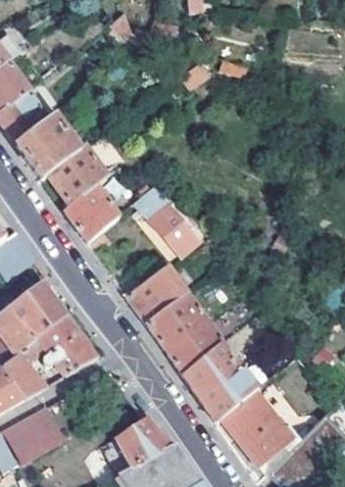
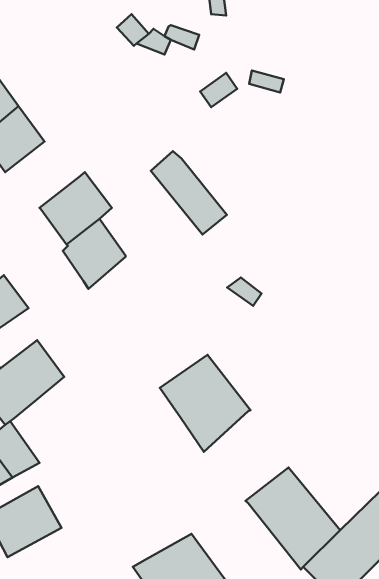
building: [17,115,79,179] -> none
building: [134,184,197,253] -> [151,151,227,235]
building: [126,267,186,324] -> none
building: [24,314,98,376] -> none
building: [183,343,256,424] -> none
building: [115,416,172,466] -> none

